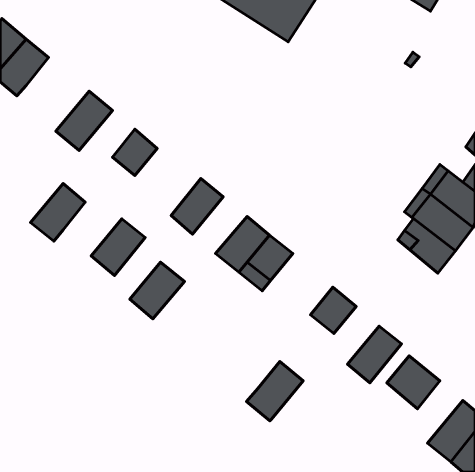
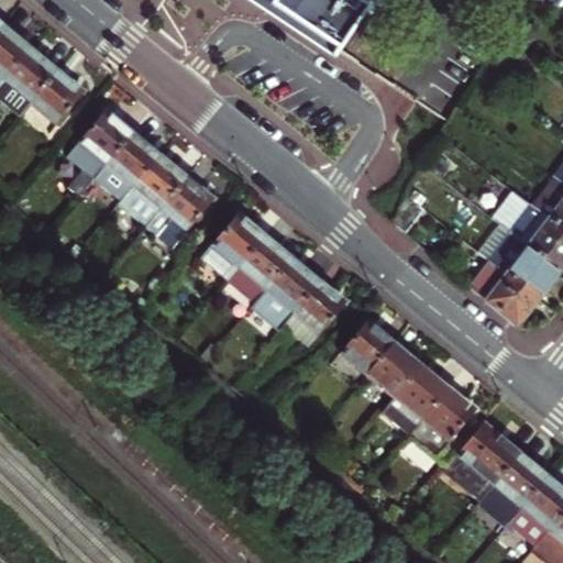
building: none -> [31,68,85,123]
building: [30,183,85,241] -> [95,131,159,199]
building: [91,219,145,275] -> [150,176,213,243]
building: [130,262,185,319] -> [228,233,292,300]
building: none -> [341,319,394,373]
building: [247,361,303,421] -> [382,363,449,433]
building: none -> [475,451,548,528]

